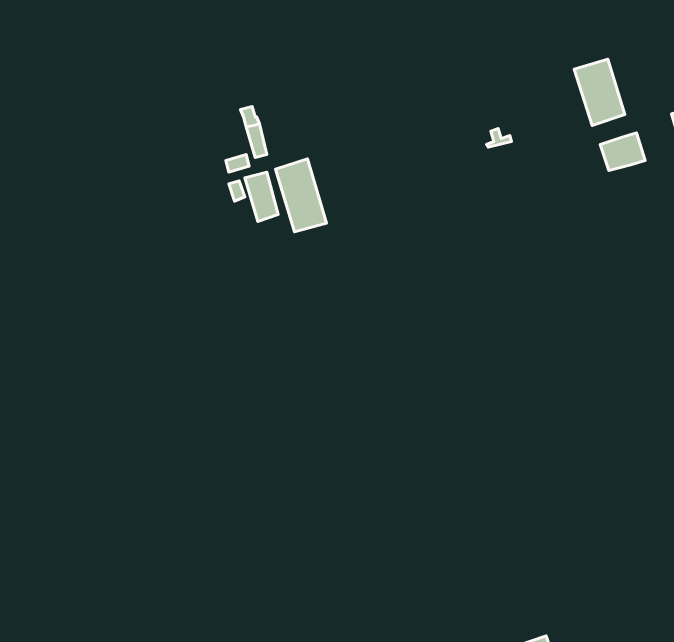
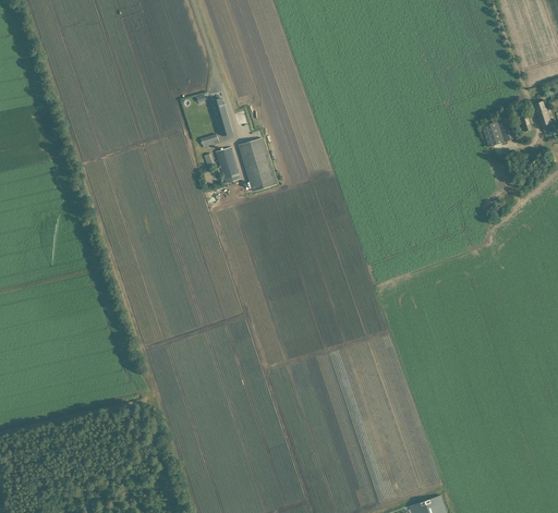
building: [574,59,625,126] -> none

